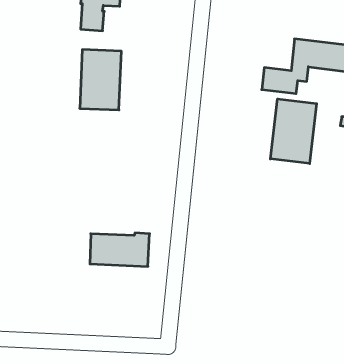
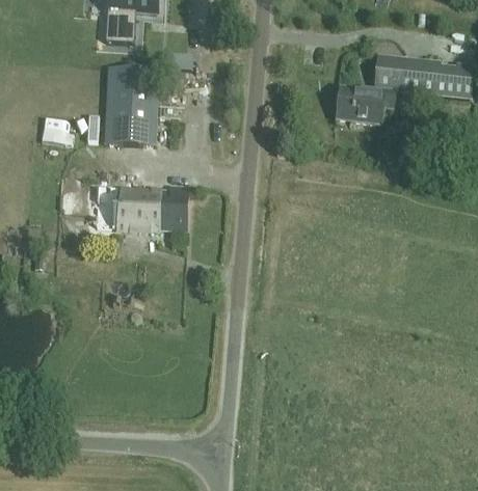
building: [270,99,317,164] -> none
building: [90,233,150,266] -> [112,186,188,228]

